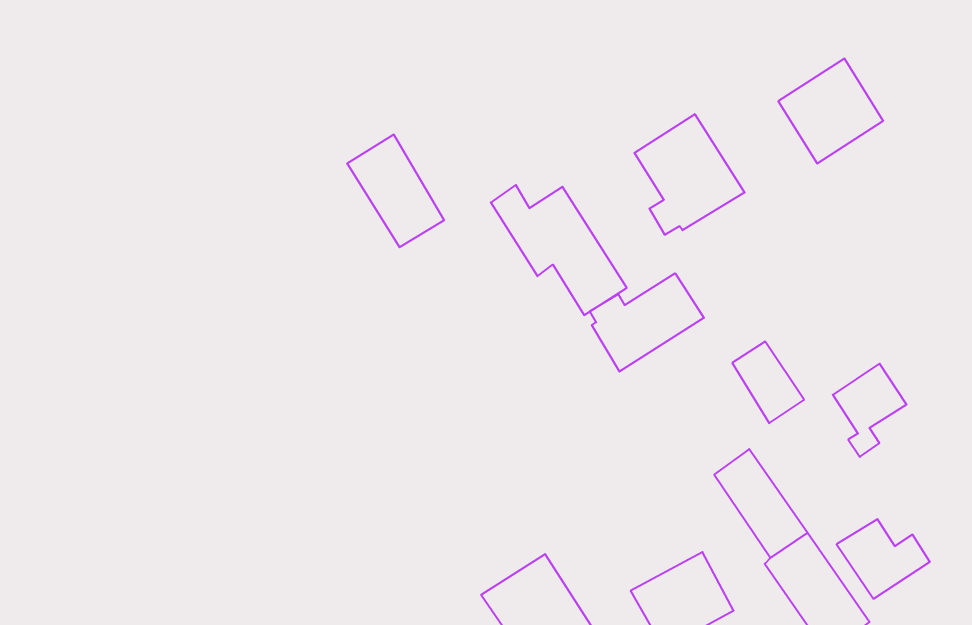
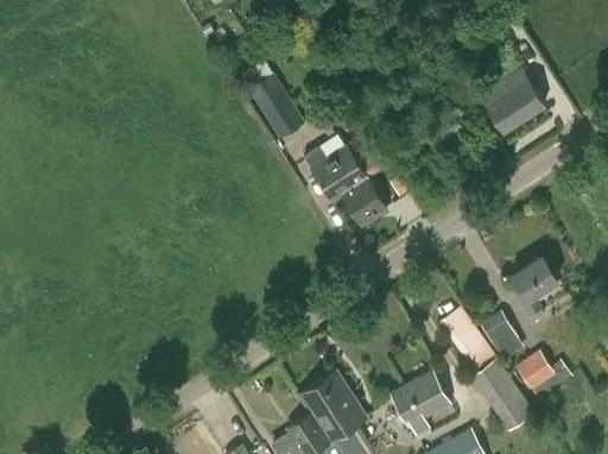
building: [634,114,745,235] -> none
building: [347,135,444,247] -> [246,71,305,140]
building: [590,273,704,372] -> none
building: [732,342,804,423] -> [481,313,525,362]

